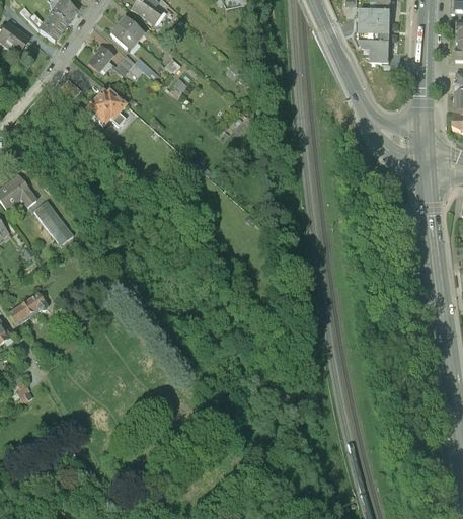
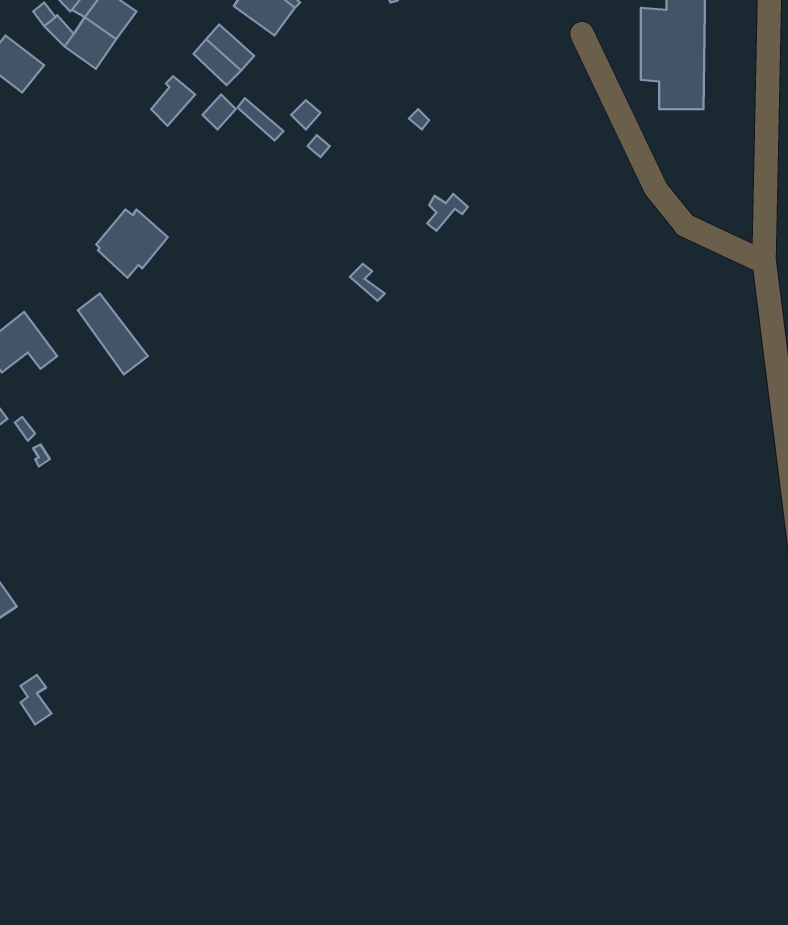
building: [85,89,125,127] -> [96,210,168,278]
building: [33,200,72,244] -> [78,294,148,375]
building: [9,292,46,321] -> none

